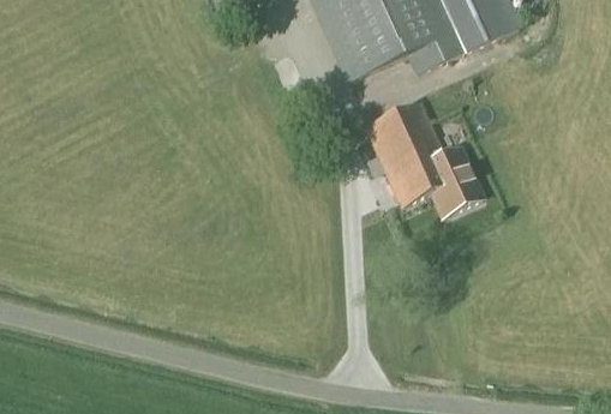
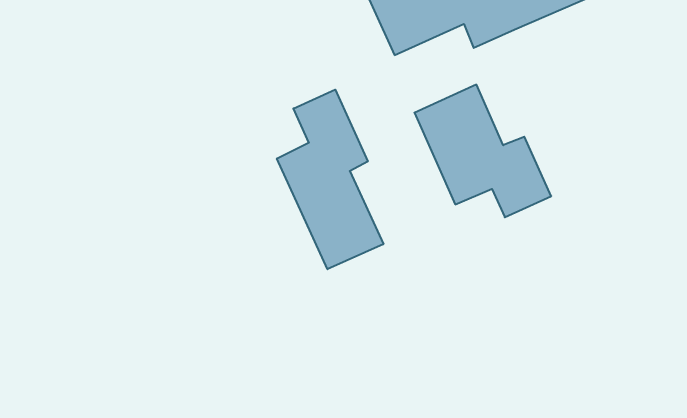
building: none -> [277,90,383,269]

